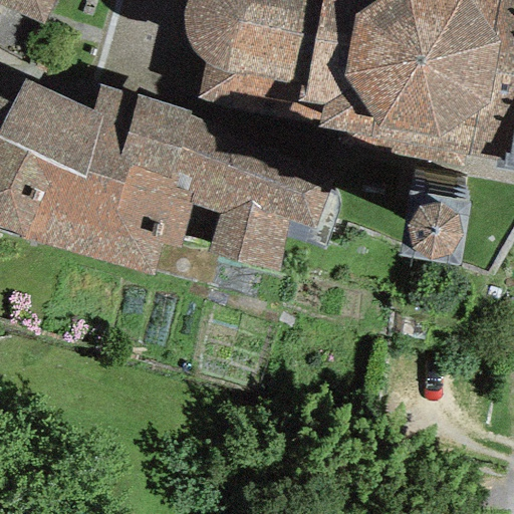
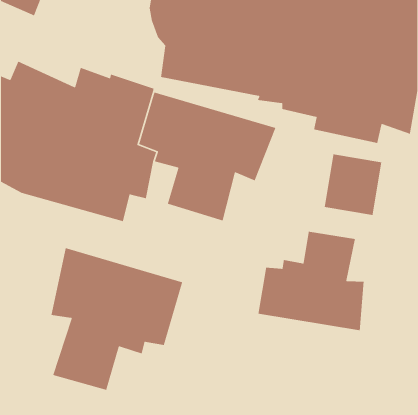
building: none -> [258,231,364,331]
building: none -> [50,247,183,391]

